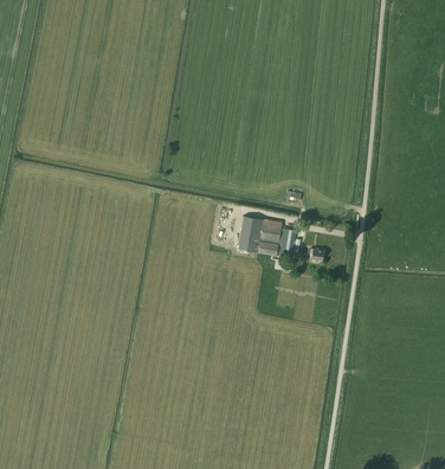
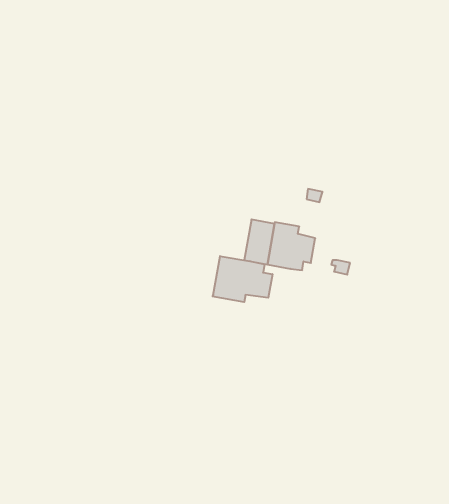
building: none -> [213,256,272,302]

